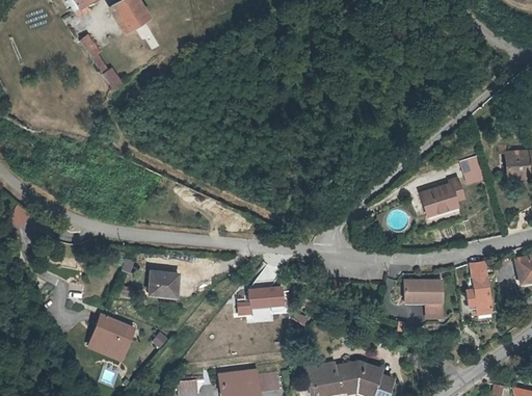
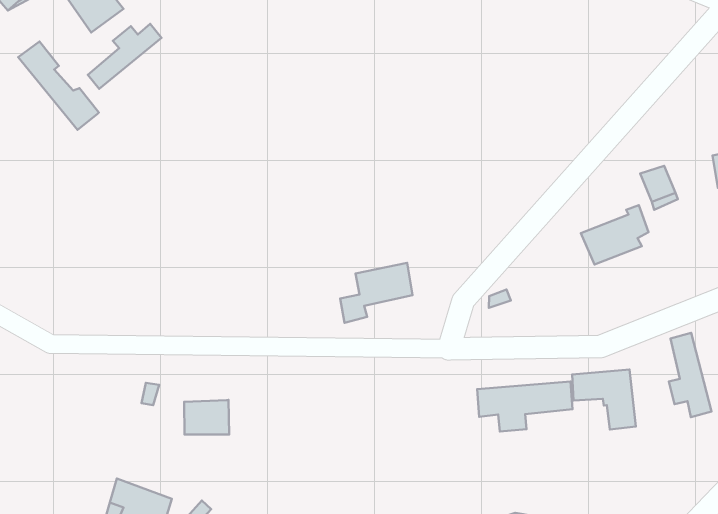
building: none -> [88,24,161,89]
building: none -> [477,381,572,431]
building: [236,286,282,319] -> [340,263,413,323]

